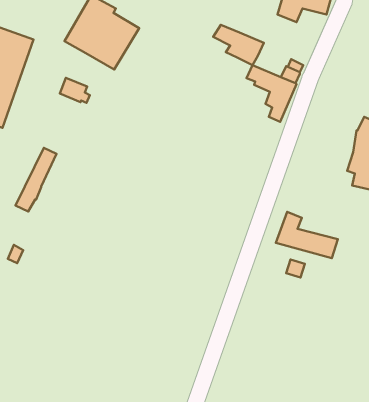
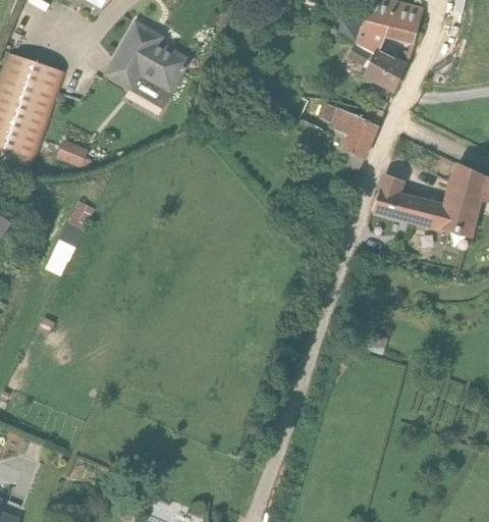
building: [213,25,264,65] -> [346,42,406,90]
building: [60,78,90,103] -> [56,139,92,168]
building: [276,212,338,258] -> [372,172,445,227]

